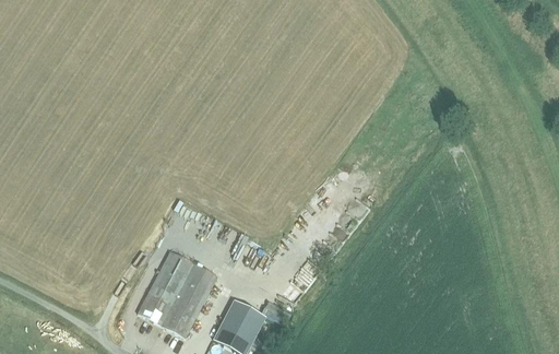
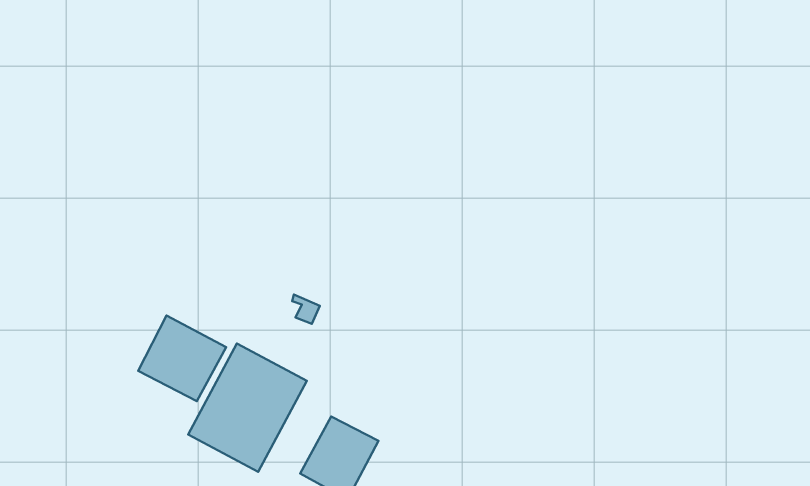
building: none -> [138,315,226,401]

